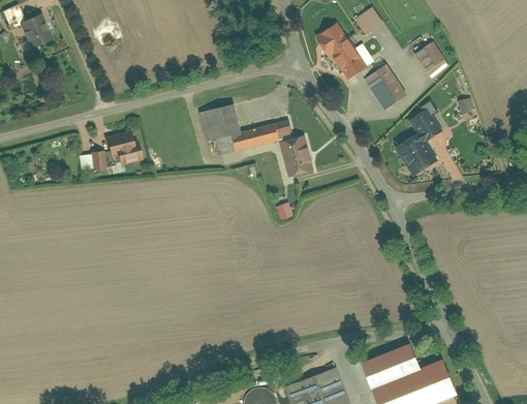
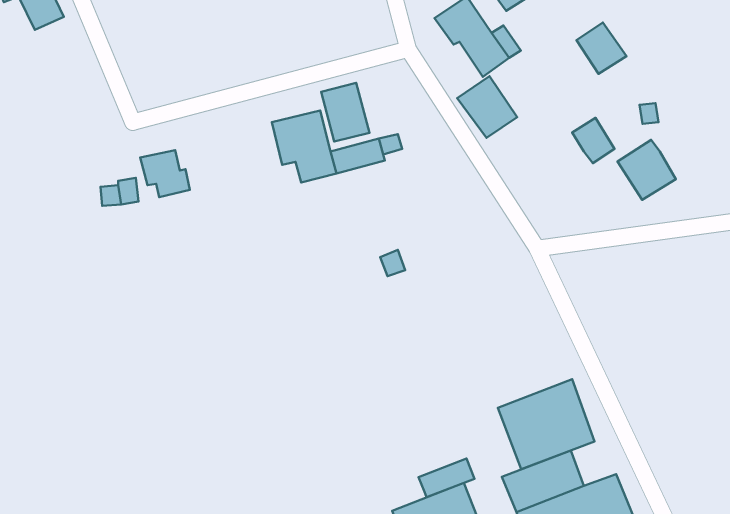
building: [364,64,406,107] -> [457,76,517,138]
building: [396,132,437,175] -> [617,140,676,200]
building: [280,135,314,177] -> [321,83,369,142]
building: none -> [498,379,595,469]
building: none -> [419,459,474,497]

